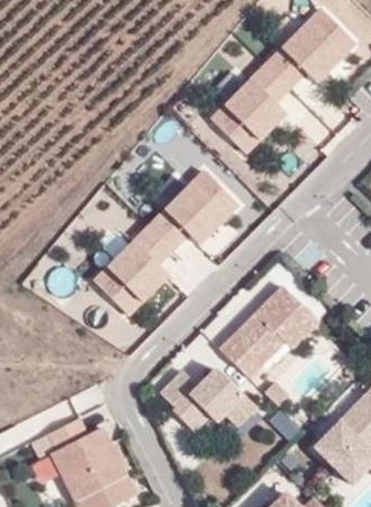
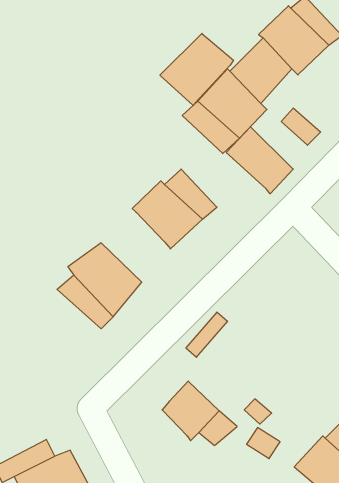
building: none -> [160,33,233,105]
building: none -> [226,127,293,194]
building: [141,209,190,260] -> none
building: [220,286,319,379] -> none
building: [159,372,211,432] -> none

